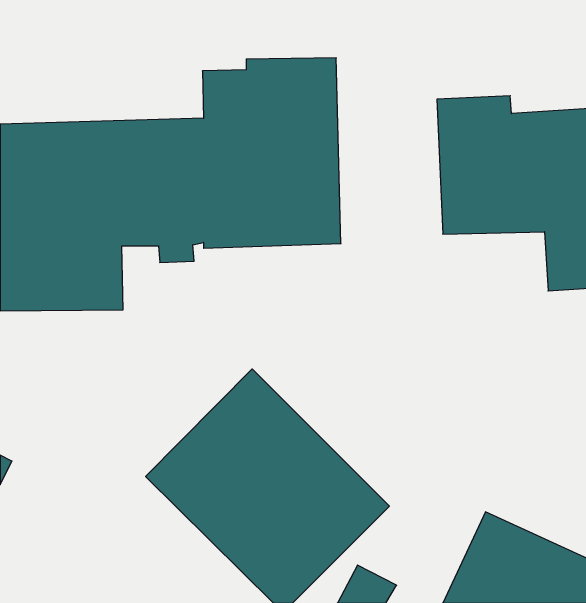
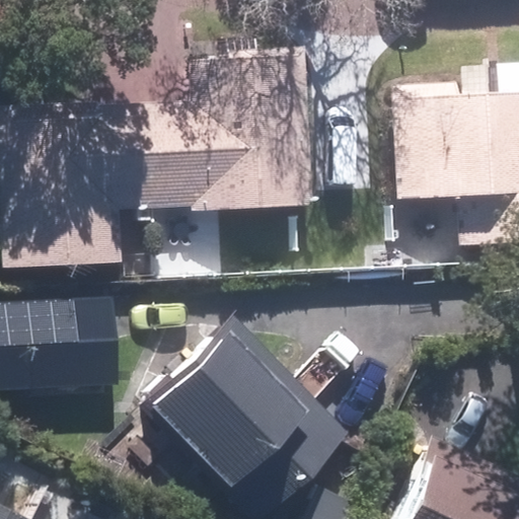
building: none -> [26,298,117,387]

